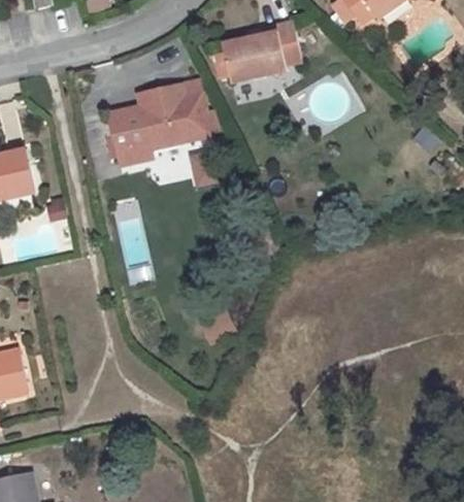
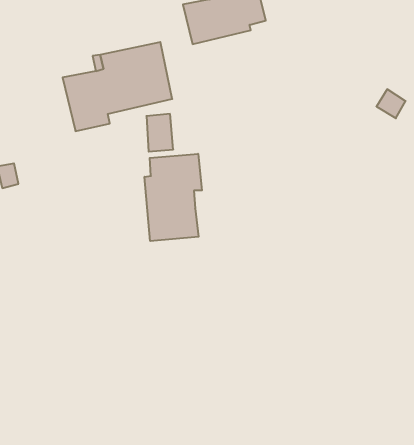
building: none -> [145,154,202,241]

